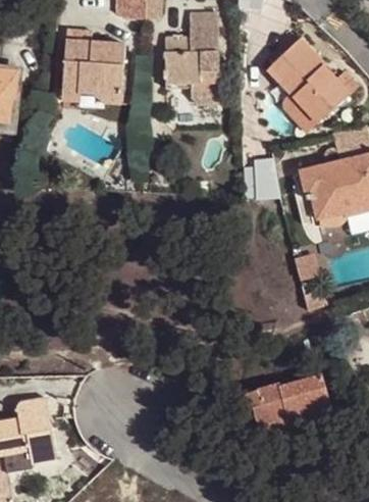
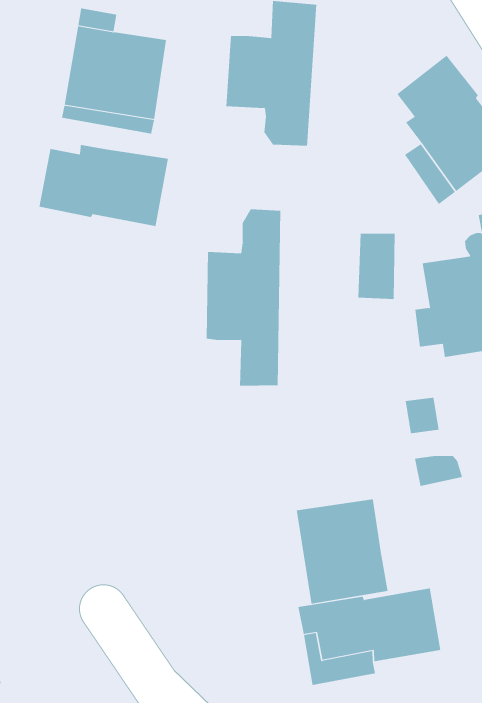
building: none -> [39,144,169,227]
building: none -> [206,209,281,386]
building: none -> [296,498,388,605]

